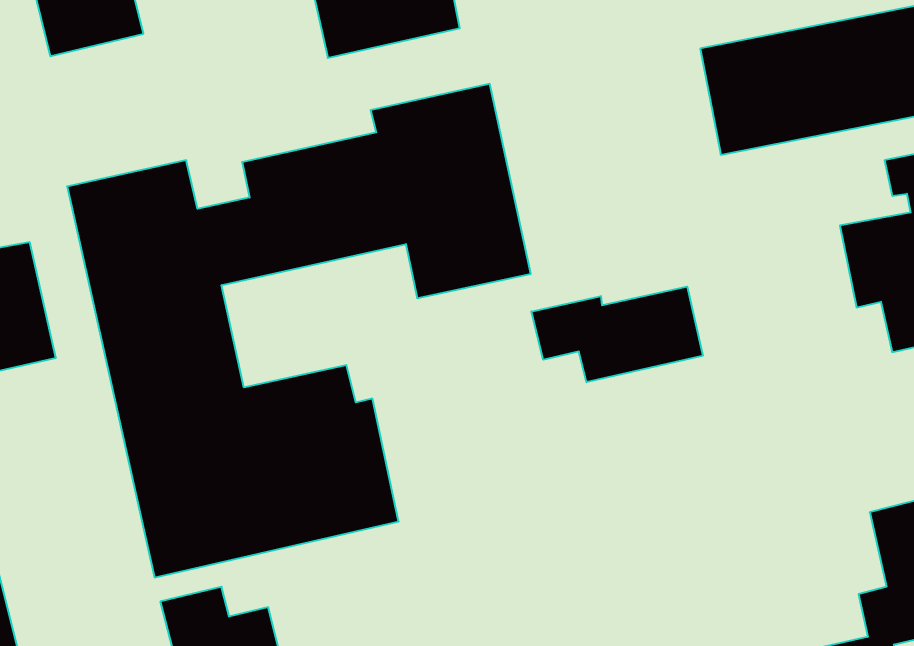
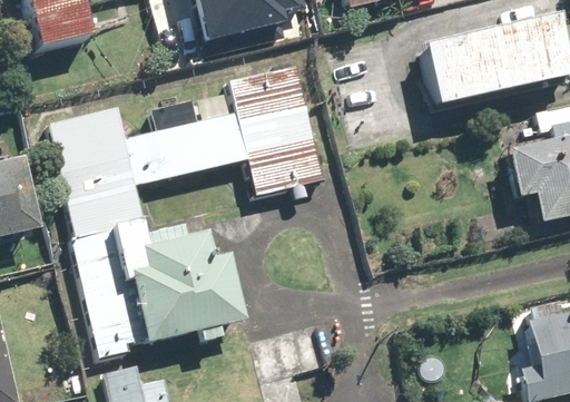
building: [531,287,703,382] -> none

